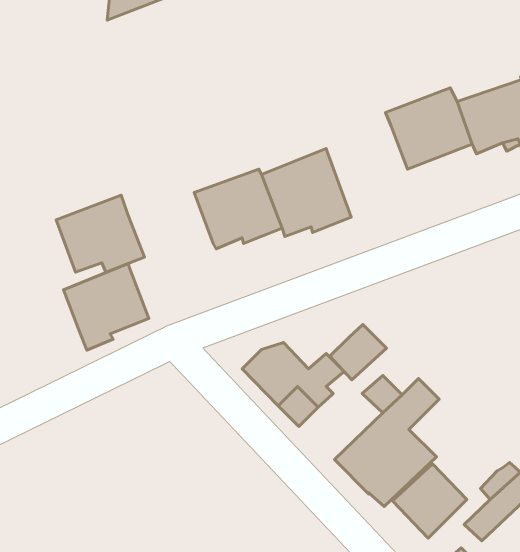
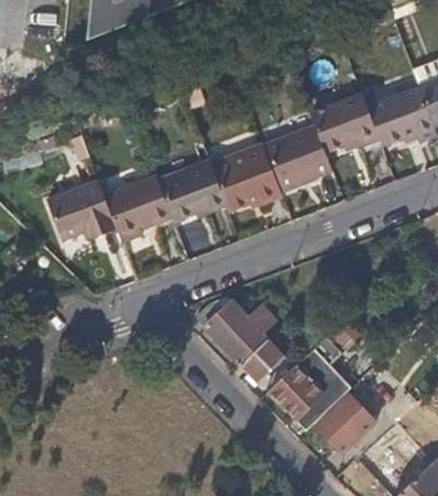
building: none -> [264,123,332,190]
building: [63,264,149,350] -> [105,173,173,242]
building: [330,325,386,380] -> [241,338,286,382]

